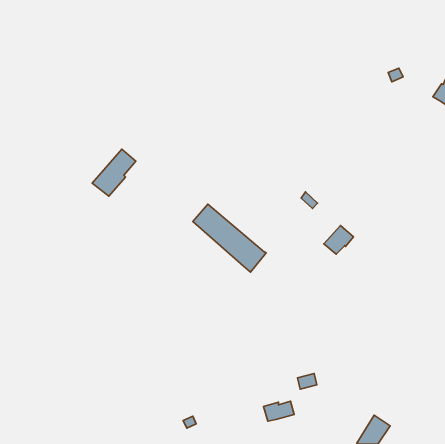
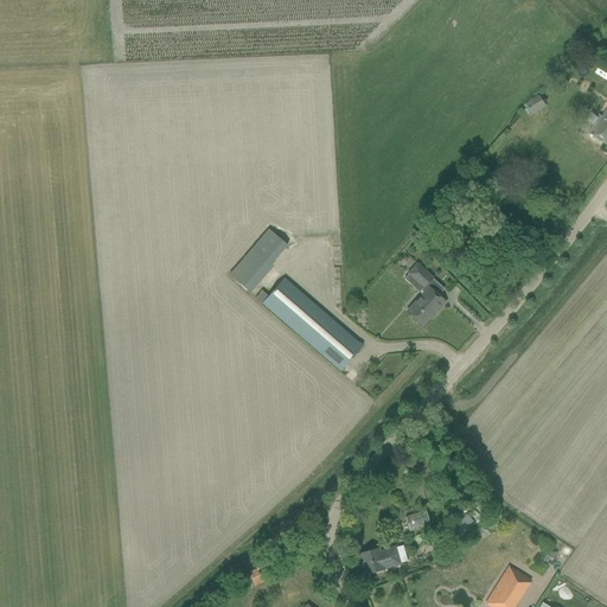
building: [92,149,136,196] -> [229,226,288,290]
building: [324,225,353,254] -> [405,285,446,324]

